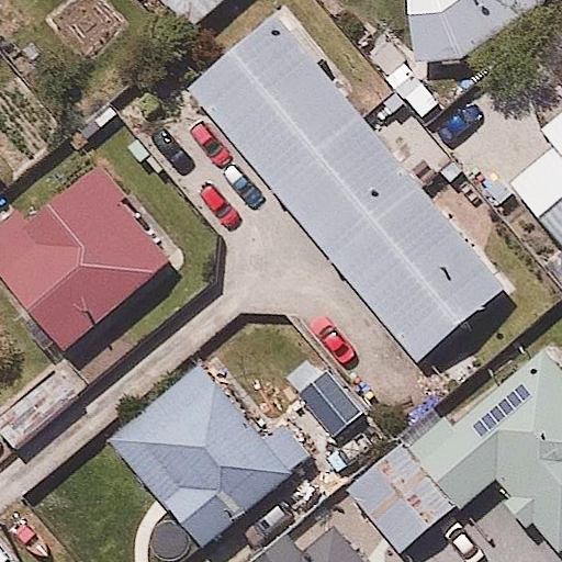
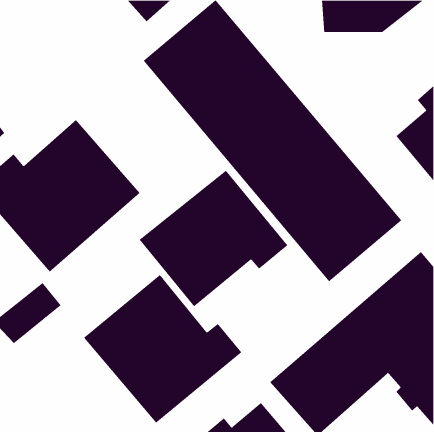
building: none -> [139,170,288,307]

